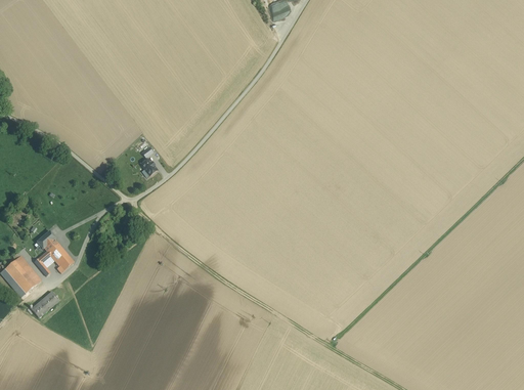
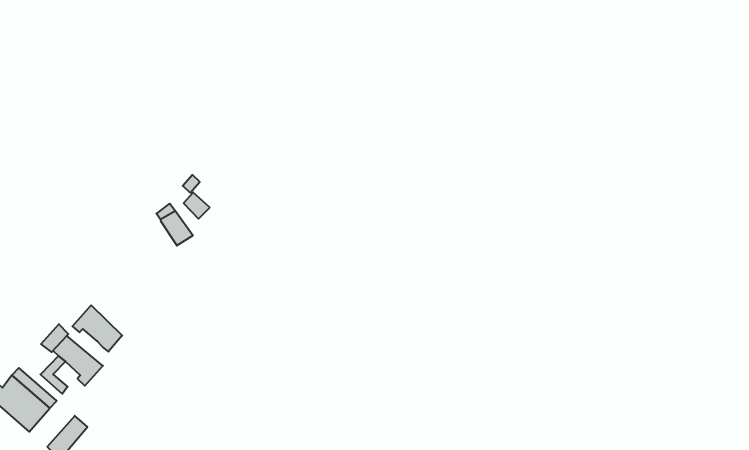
building: none -> [72,305,122,352]

